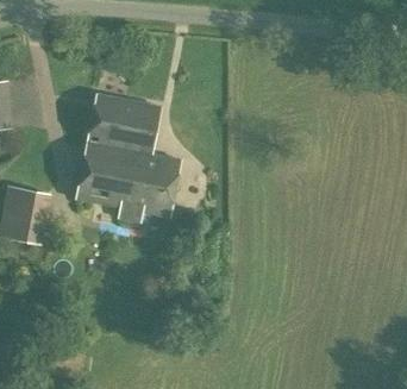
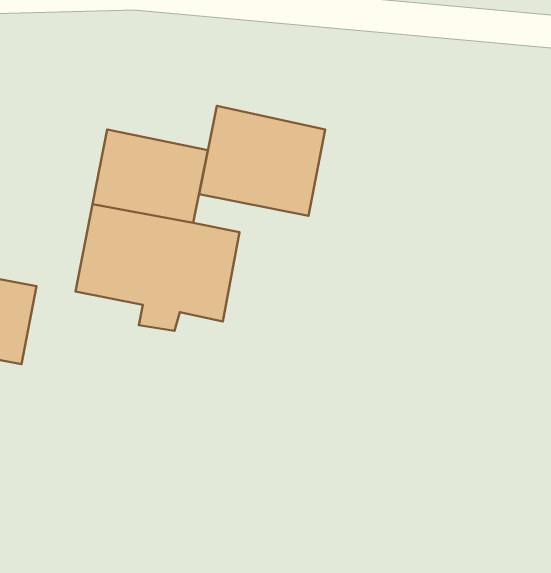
building: none -> [199,106,325,216]

